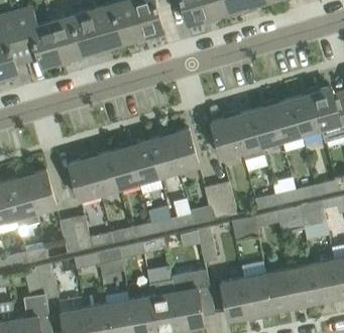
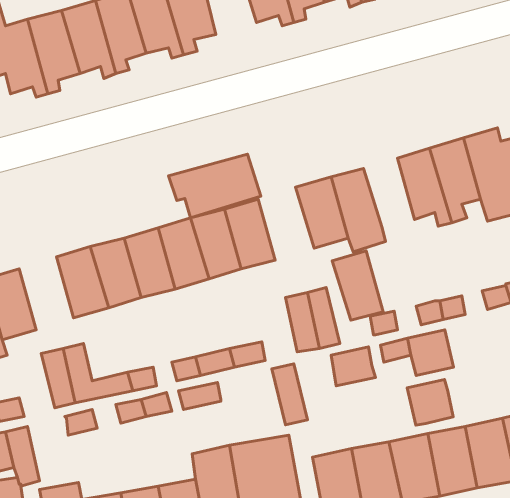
building: none -> [169,154,261,218]
building: [251,105,281,146] -> [332,251,383,320]
building: [300,202,327,229] -> [407,379,453,425]

